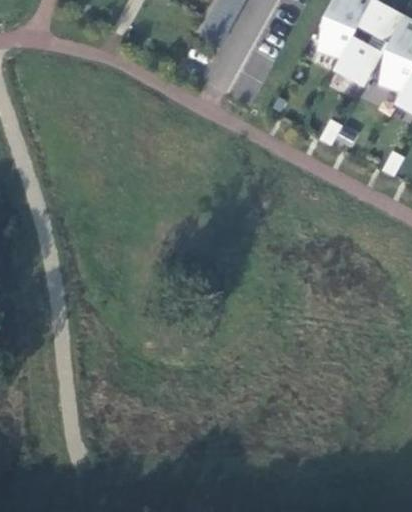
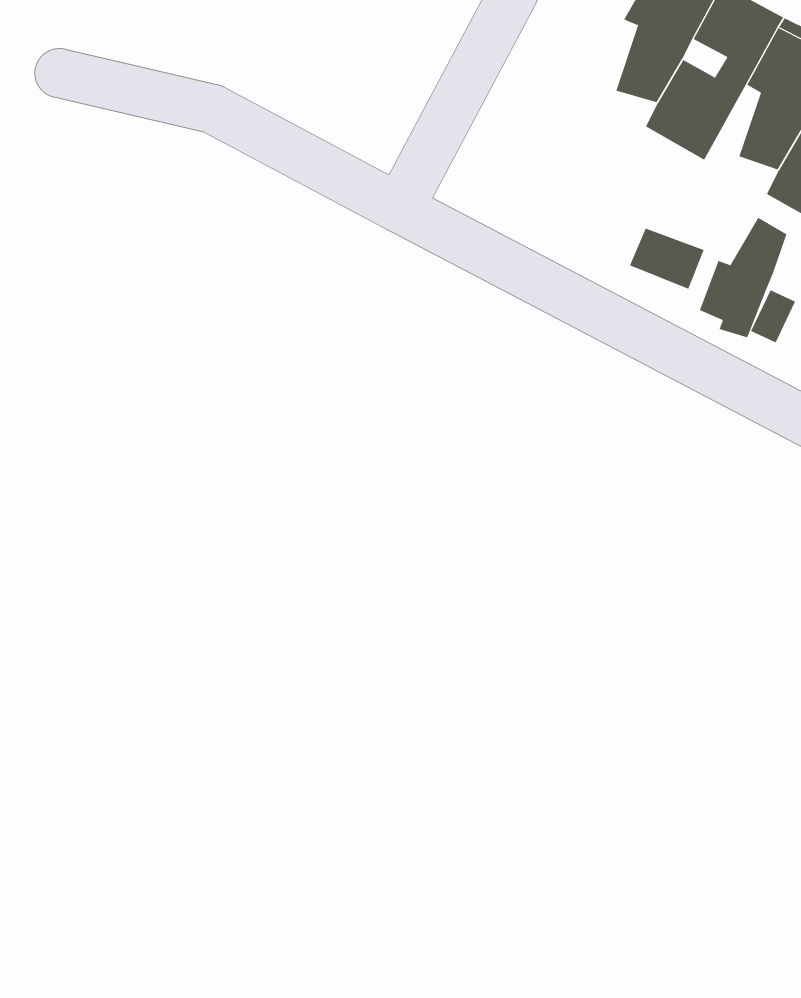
building: none -> [699,217,787,338]

